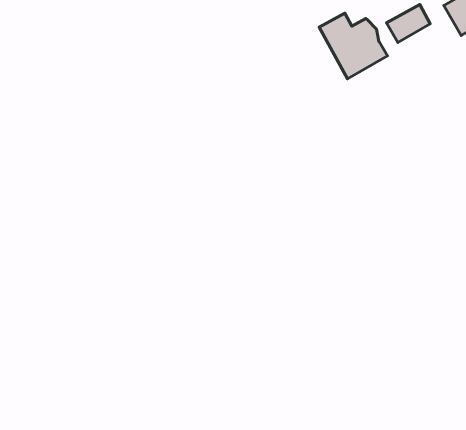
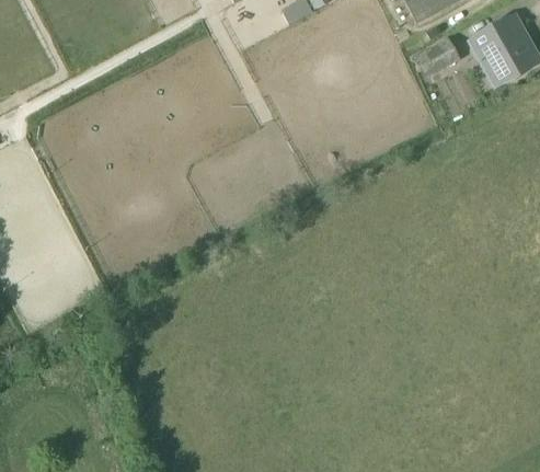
building: [319,13,388,79] -> none

